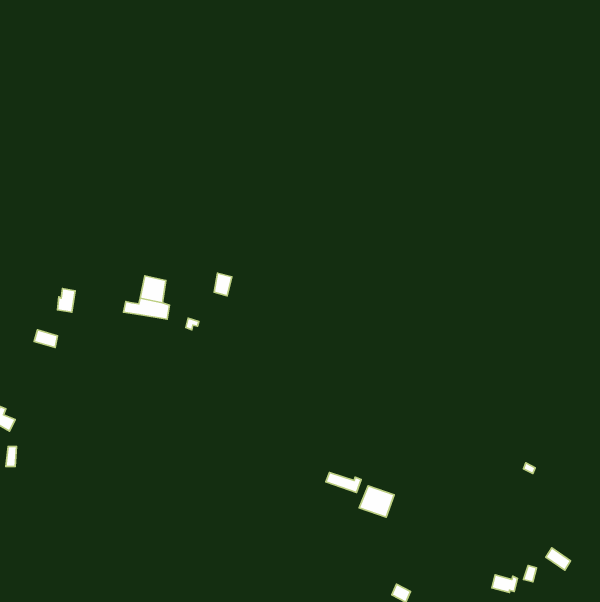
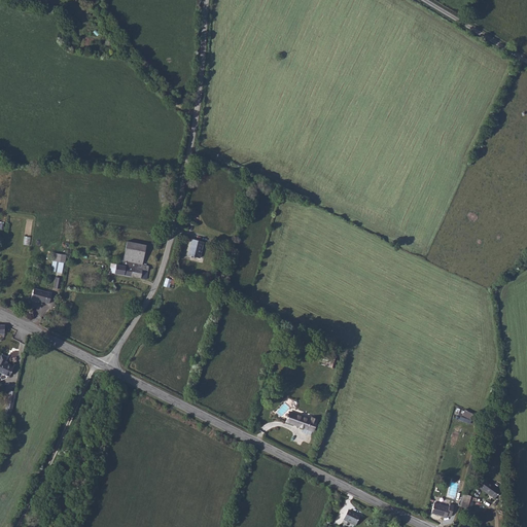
building: [359,486,394,517] -> none

